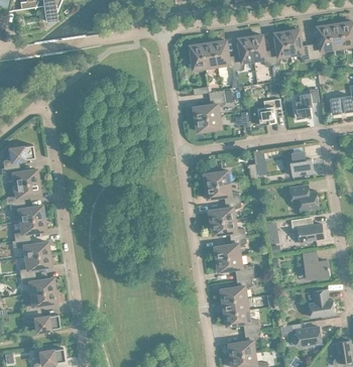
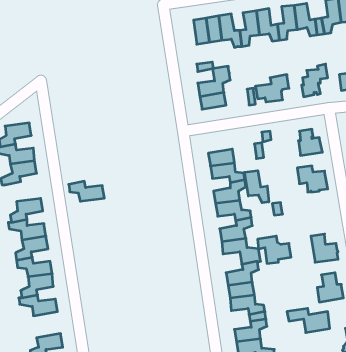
building: none -> [244,171,269,203]
building: [8,201,42,220] -> [69,181,104,201]
building: [290,217,323,243] -> [258,236,291,263]

